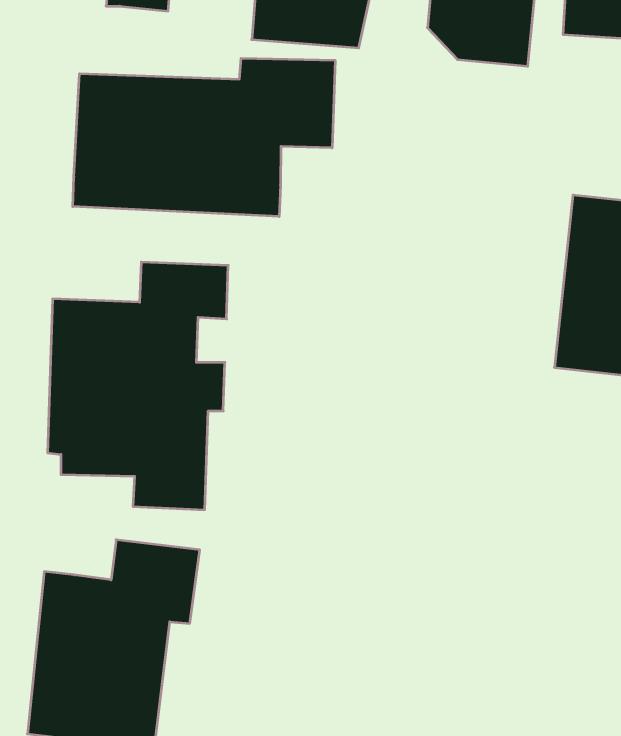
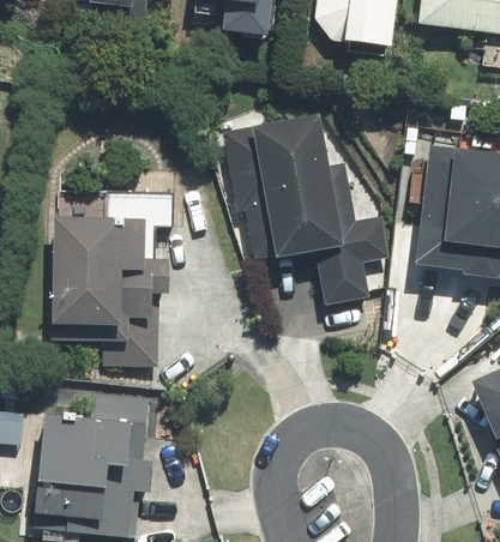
building: [73,58,335,217] -> none
building: none -> [246,114,379,303]

